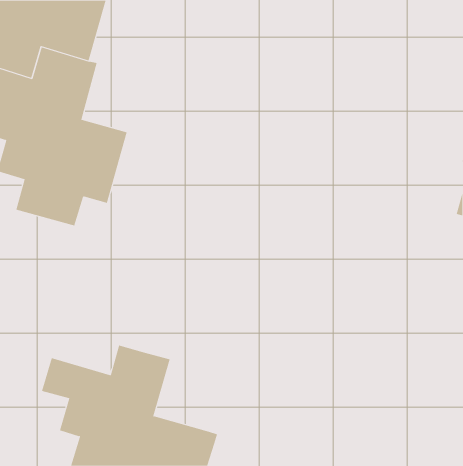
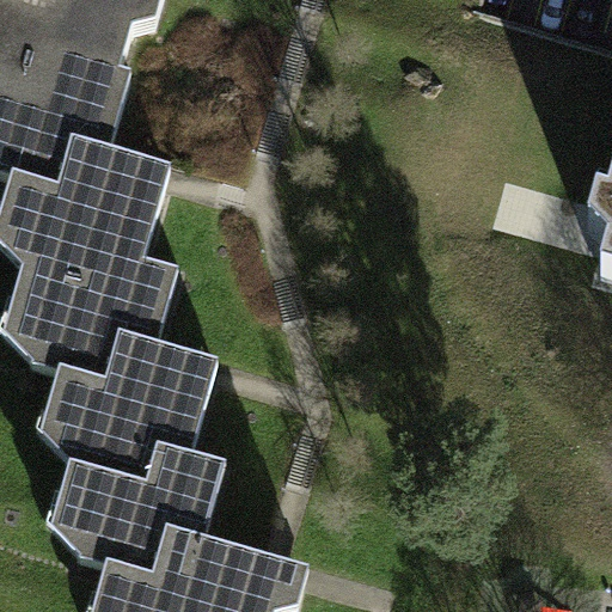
building: none -> [7,258,216,491]

